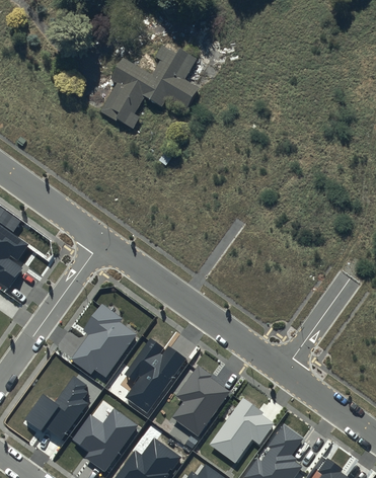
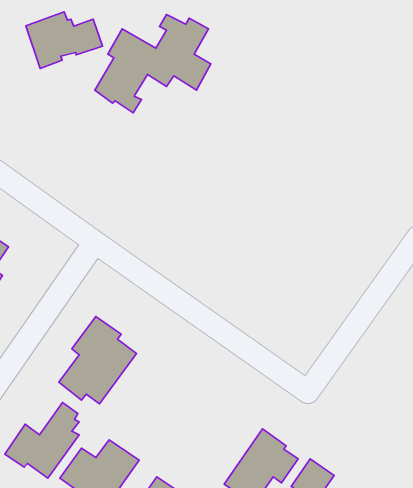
building: none -> [26,12,103,68]
building: [124,338,186,414] -> none
building: [172,366,229,435] -> none

